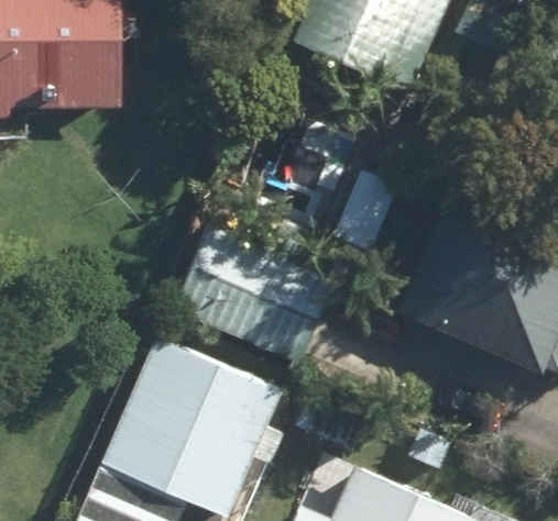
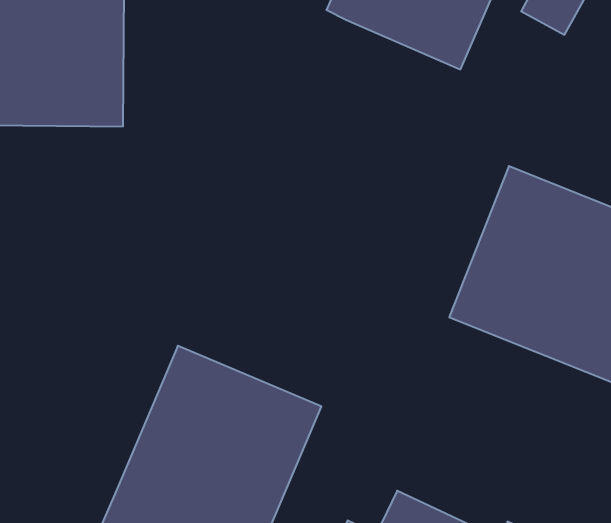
building: [168,224,330,362] -> none

